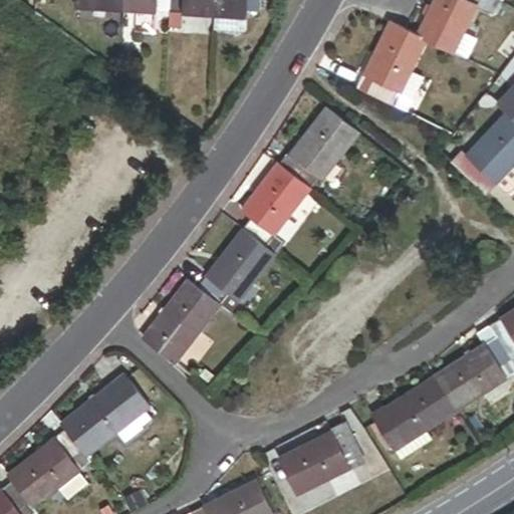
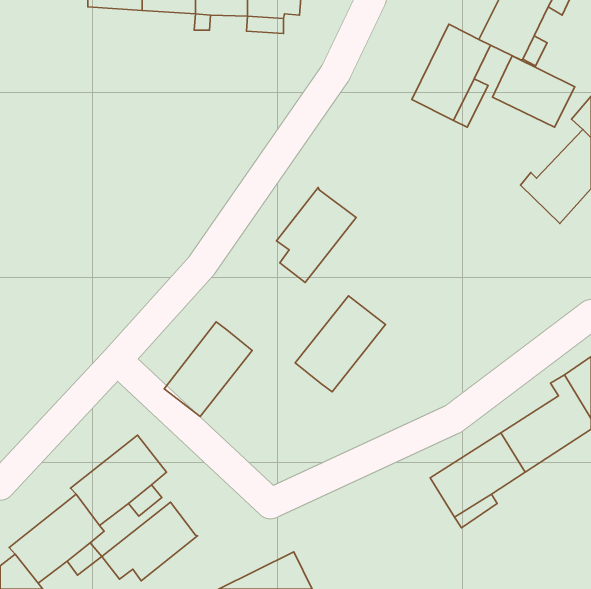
building: none -> [492,56,575,127]
building: [277,107,357,189] -> none
building: [197,228,275,311] -> [295,296,385,392]
building: [278,423,363,495] -> none
building: none -> [102,502,198,581]

